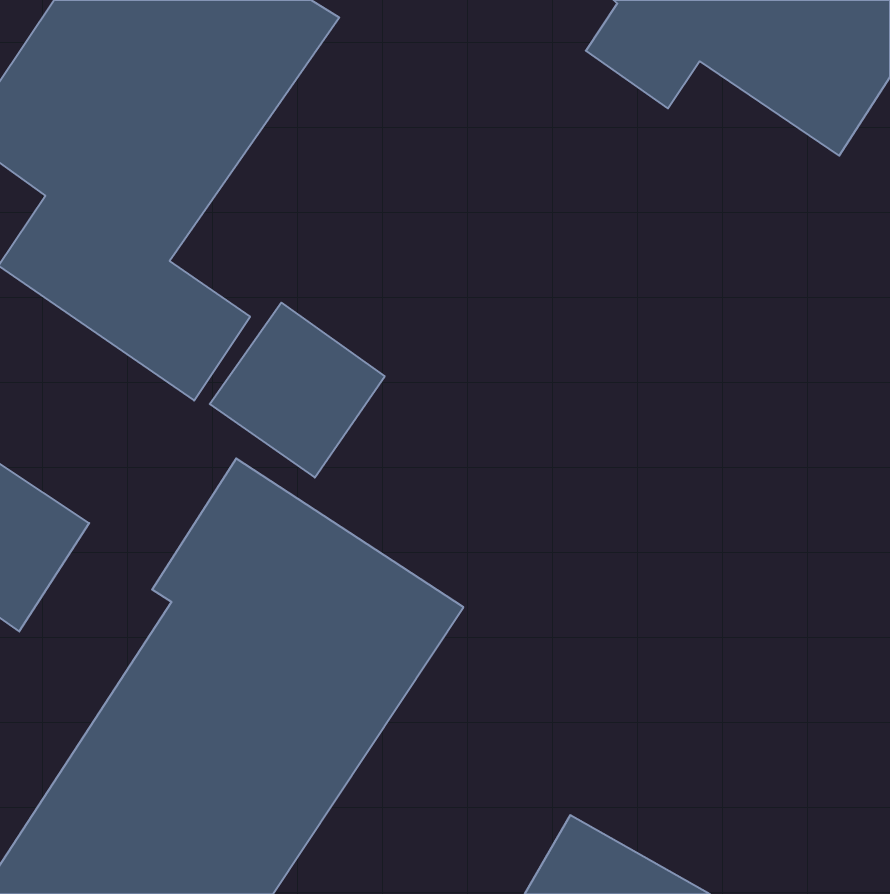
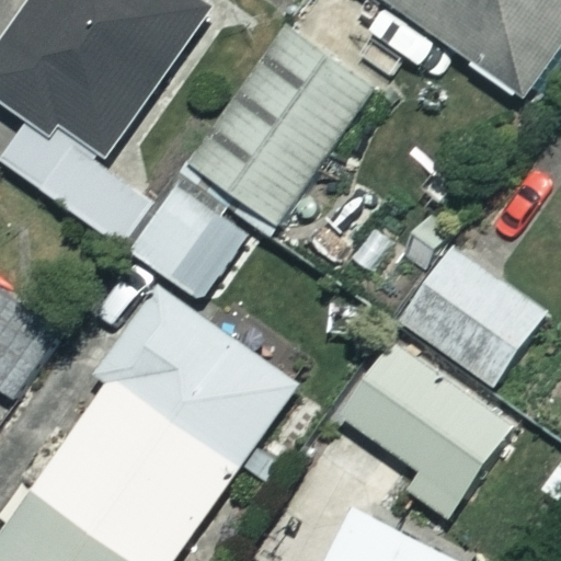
building: none -> [191,23,376,225]
building: none -> [400,249,543,385]
building: none -> [337,339,511,515]

